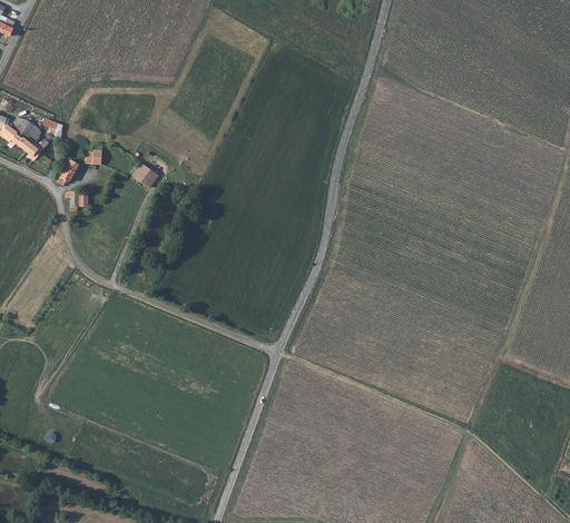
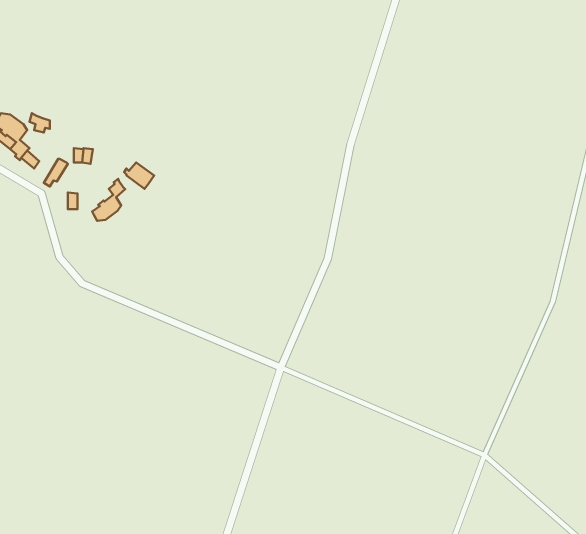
building: none -> [92,179,125,221]

